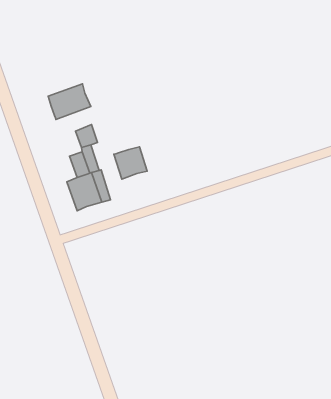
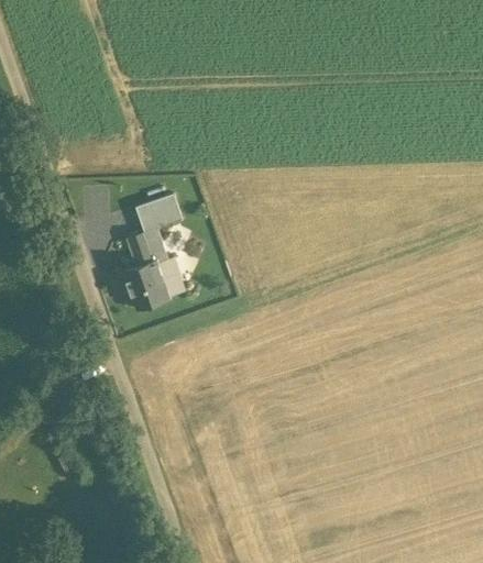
building: [48,84,91,120] -> none
building: [114,147,147,179] -> none

